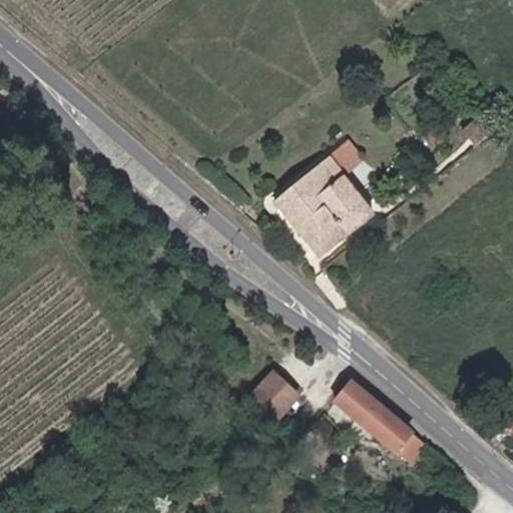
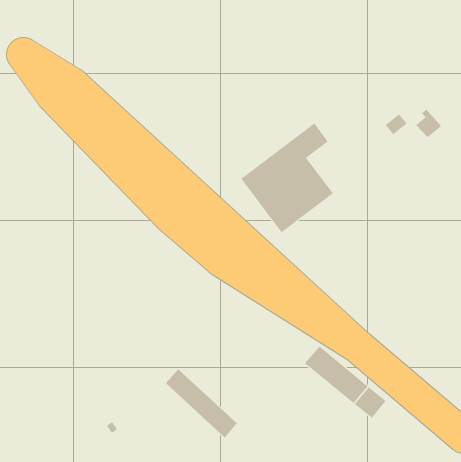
building: [255,378,302,424] -> none
building: none -> [165,369,238,438]

